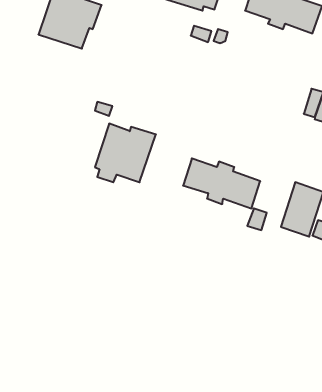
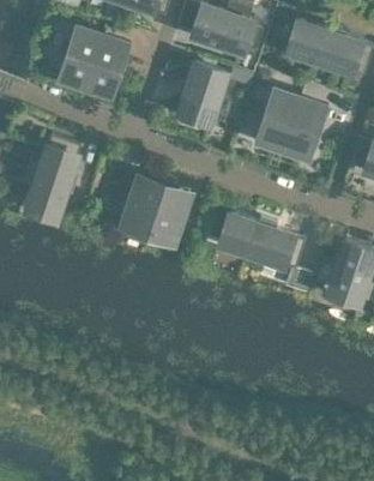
building: none -> [177,65,225,124]
building: none -> [258,91,327,157]
building: none -> [25,137,80,220]

